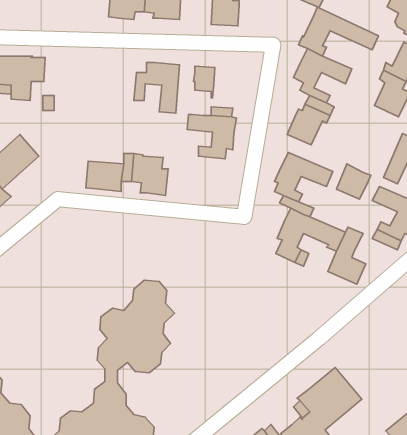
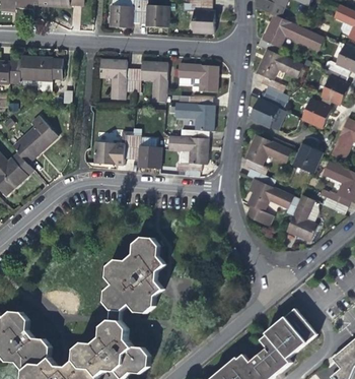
building: none -> [101,59,134,100]
building: none -> [195,66,219,93]
building: none -> [302,99,331,127]
building: none -> [166,136,207,173]

